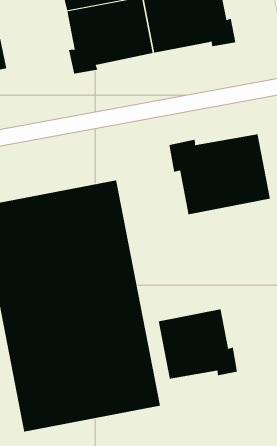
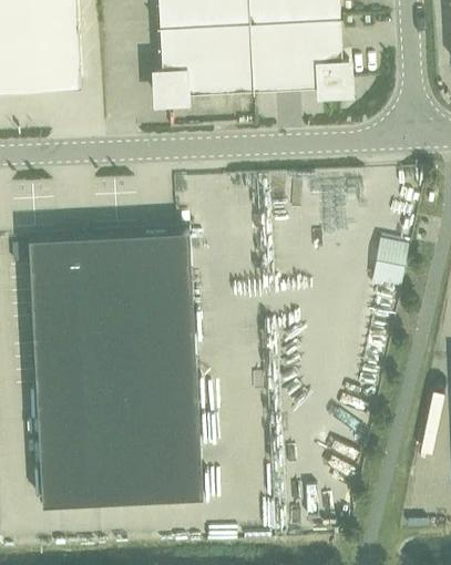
building: [169,134,270,215] -> none
building: [158,309,237,380] -> none

